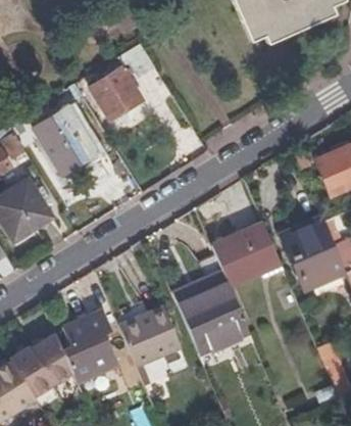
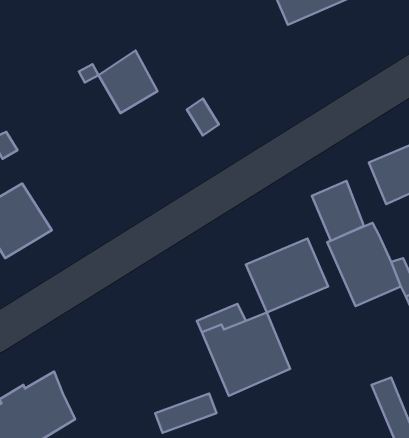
building: [36,106,96,175] -> none
building: none -> [312,181,364,241]
building: [119,306,181,366] -> none
building: [62,311,118,383] -> none

